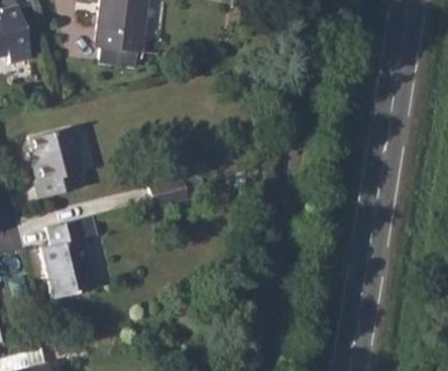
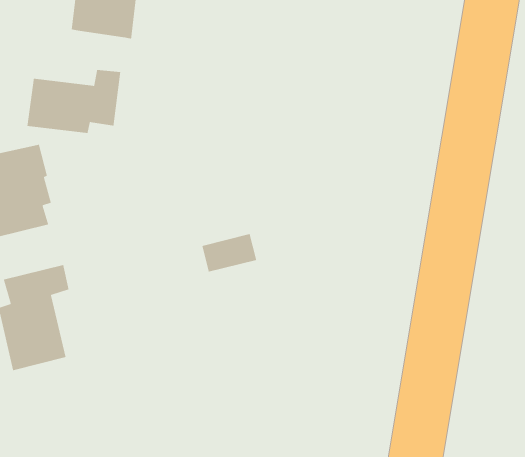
building: none -> [27,69,121,134]
building: [148,178,190,207] -> [201,233,257,273]

